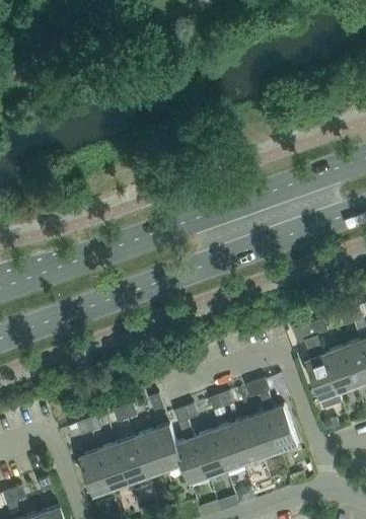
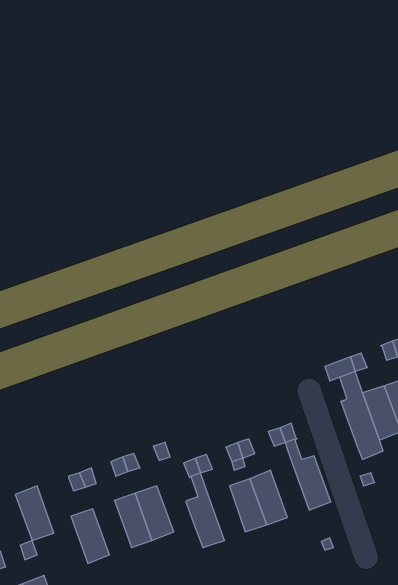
building: [247,412,280,457] -> none
building: [152,424,184,469] -> none
building: [195,431,226,476] -> none
building: [98,443,131,489] -> [15,486,54,540]

